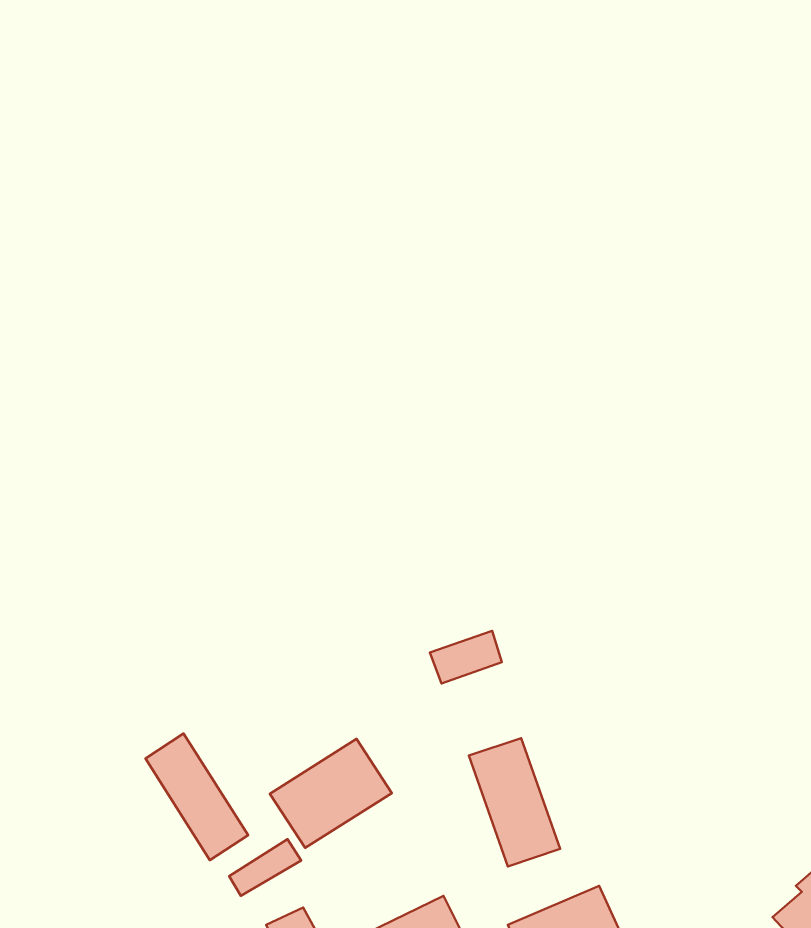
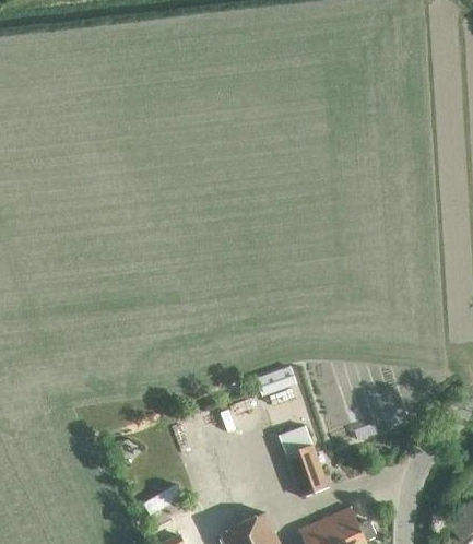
building: [146,733,248,860] -> none
building: [270,739,392,848] -> none

